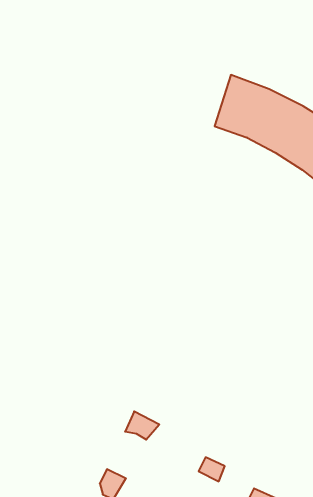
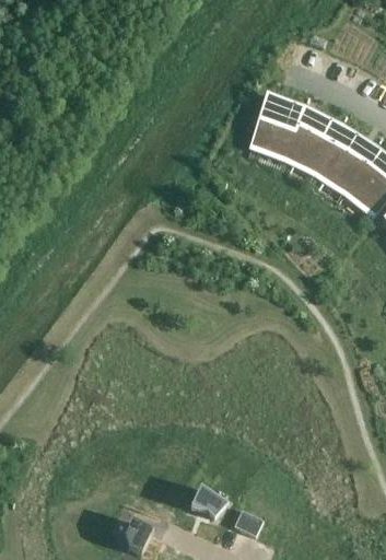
building: [125,411,159,440] -> [190,485,227,515]

